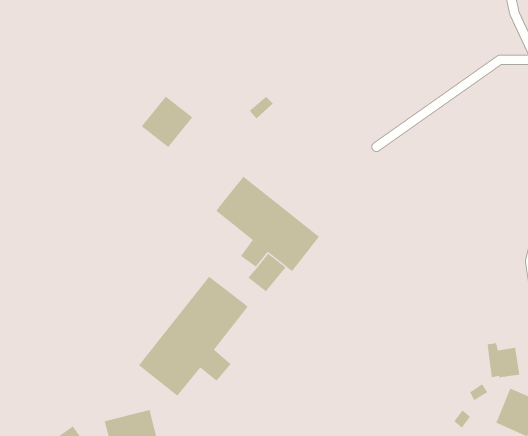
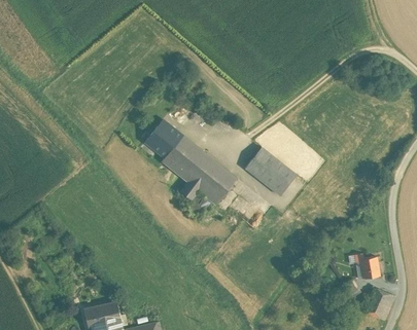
building: [141,96,193,148] -> [145,120,182,157]
building: none -> [245,147,297,195]
building: [138,276,248,397] -> none

